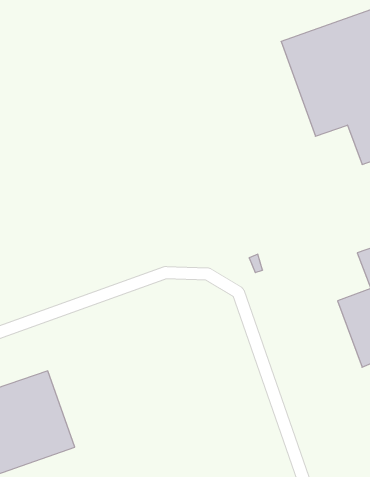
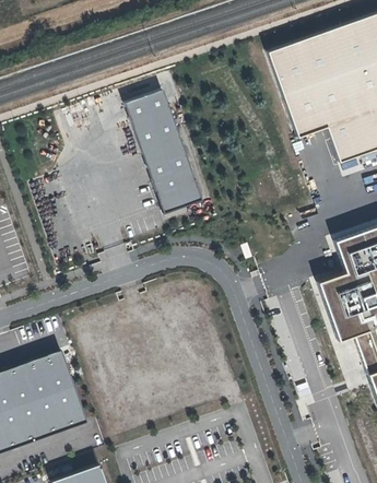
building: none -> [127,90,203,214]

